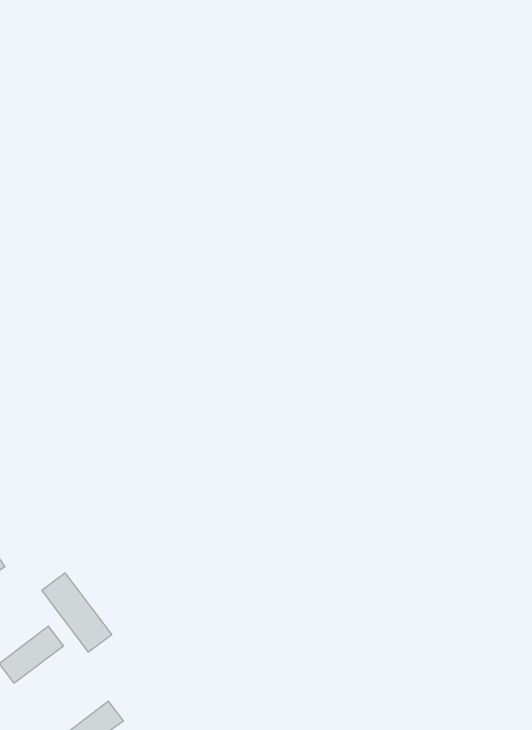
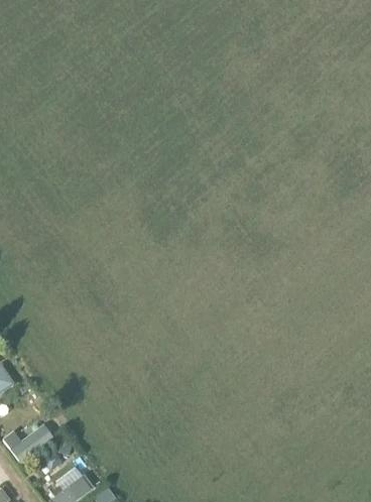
building: [42,573,112,652] -> none

